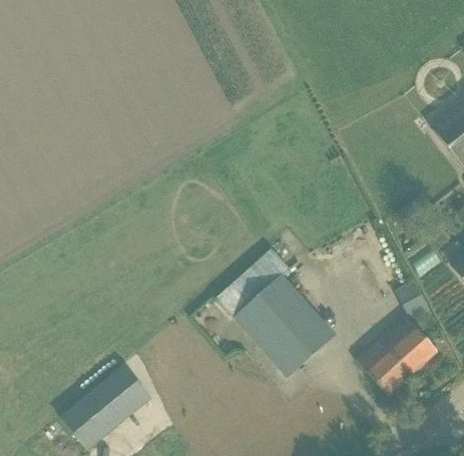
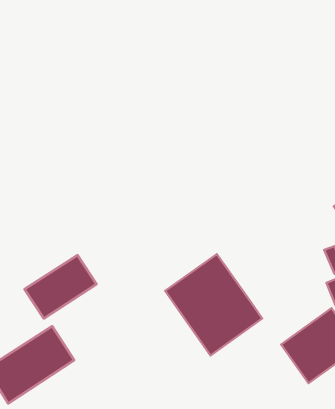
building: [218,248,292,317] -> none
building: none -> [24,255,96,319]

